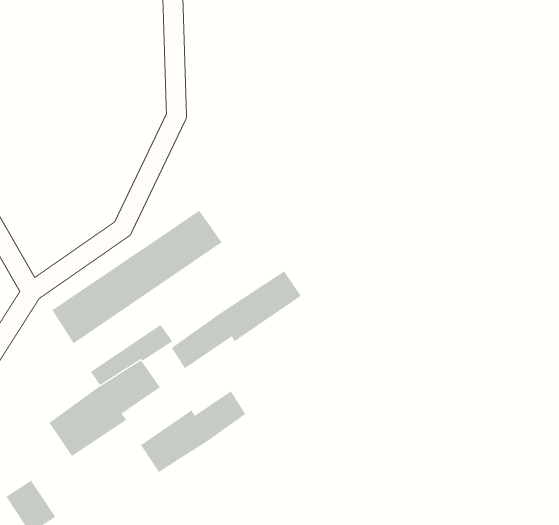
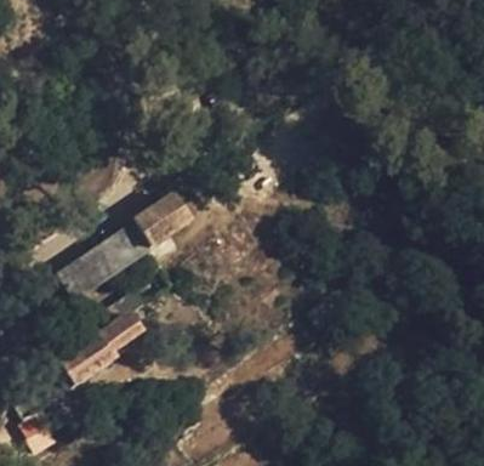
building: [171,271,301,369] -> none
building: [140,391,246,473] -> none

